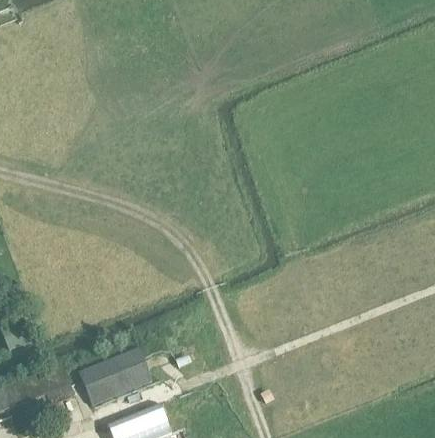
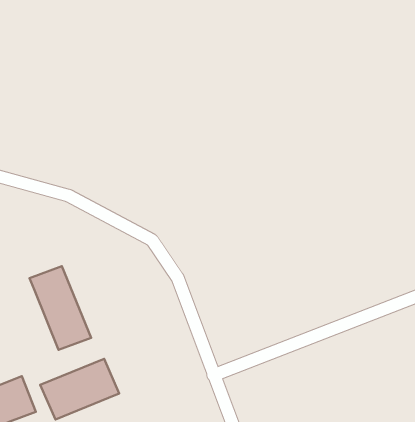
building: none -> [29,266,91,350]

